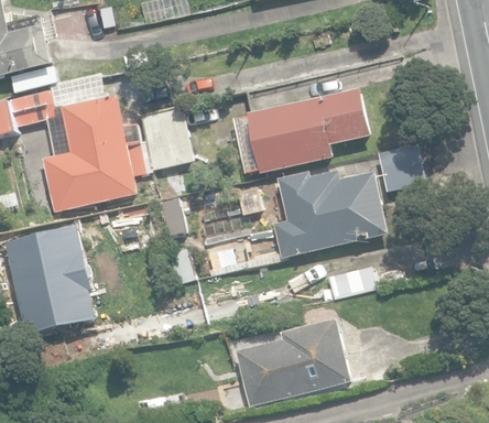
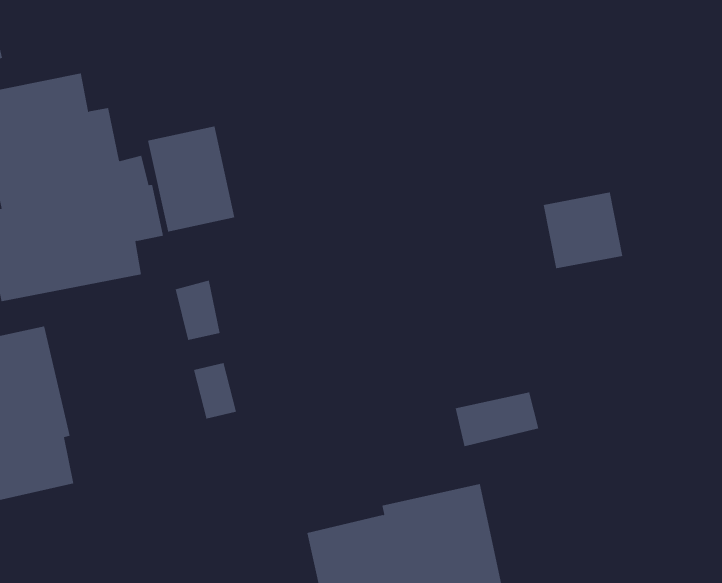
building: [231,87,369,175] -> none
building: [272,171,387,258] -> none

